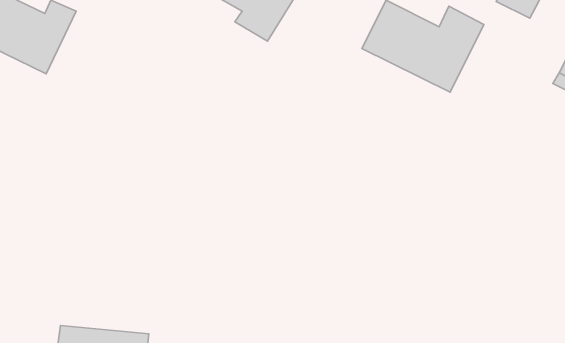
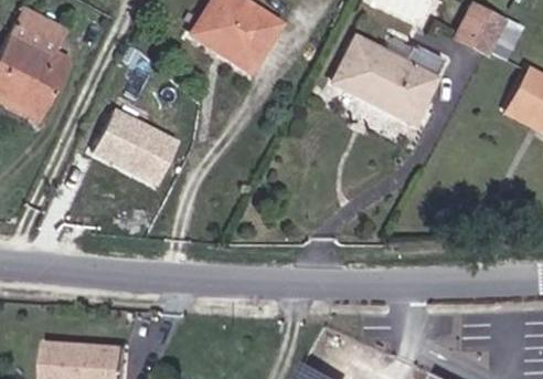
building: none -> [87,109,171,182]

